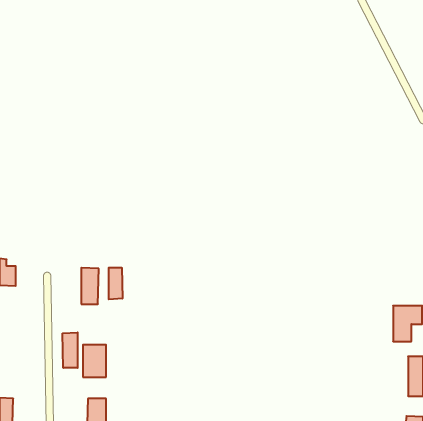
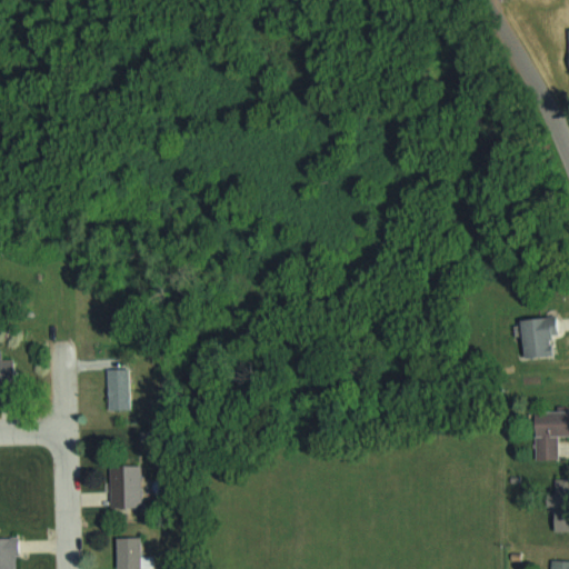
building: none -> [515,319,550,359]
building: [109,268,122,299] -> none
building: [63,332,78,368] -> none

